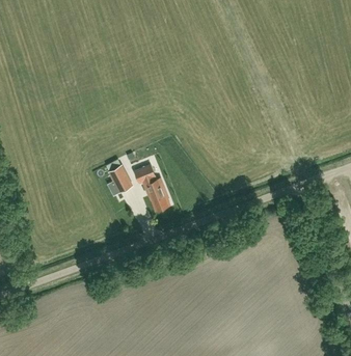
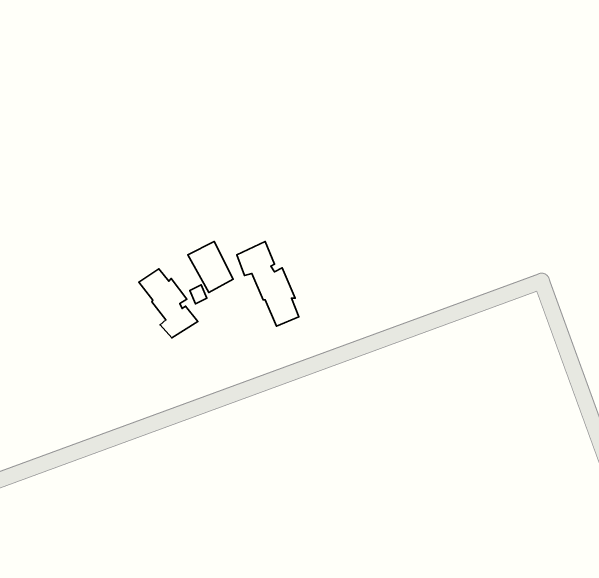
building: none -> [139,269,198,338]

